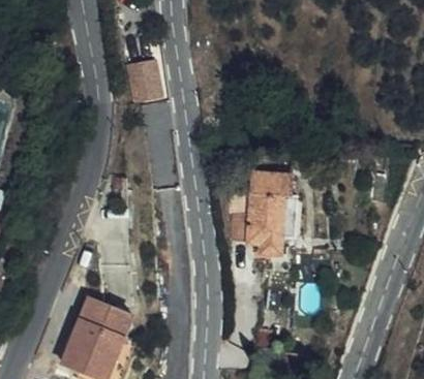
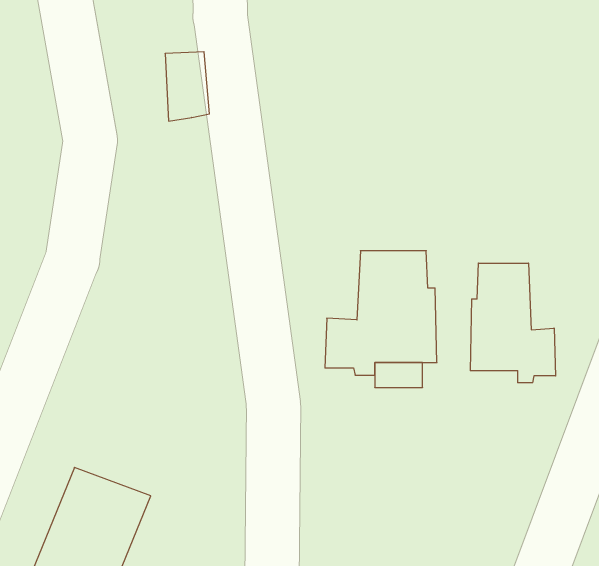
building: none -> [470,263,556,383]

